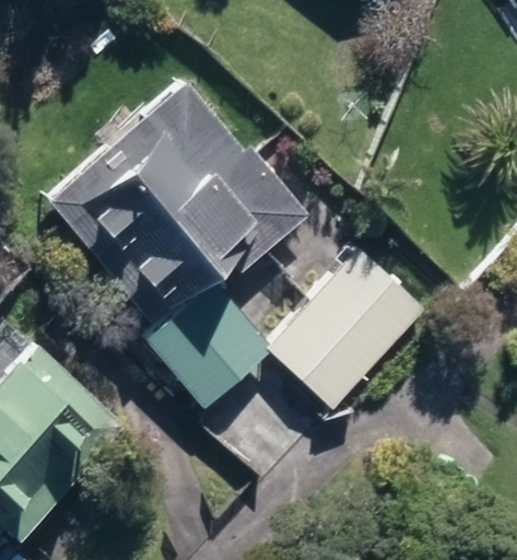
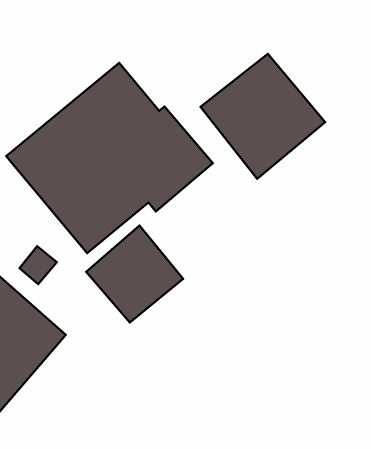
building: none -> [201,54,325,179]
building: [273,250,424,404] -> none

